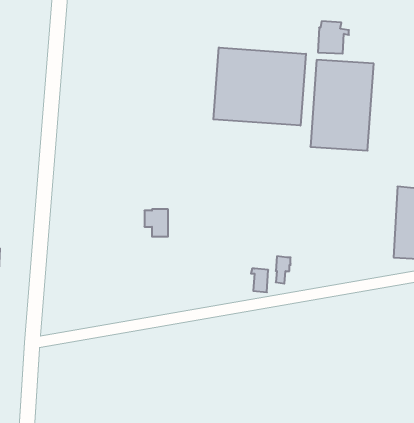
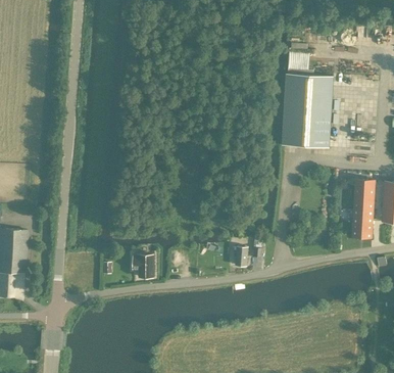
building: [213,47,306,126] -> none
building: [144,209,168,237] -> [133,253,152,276]

